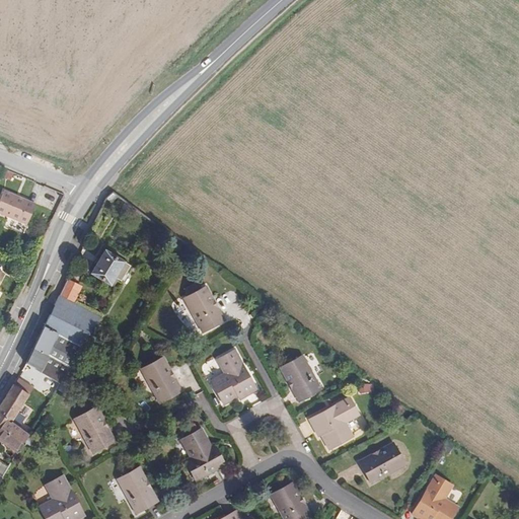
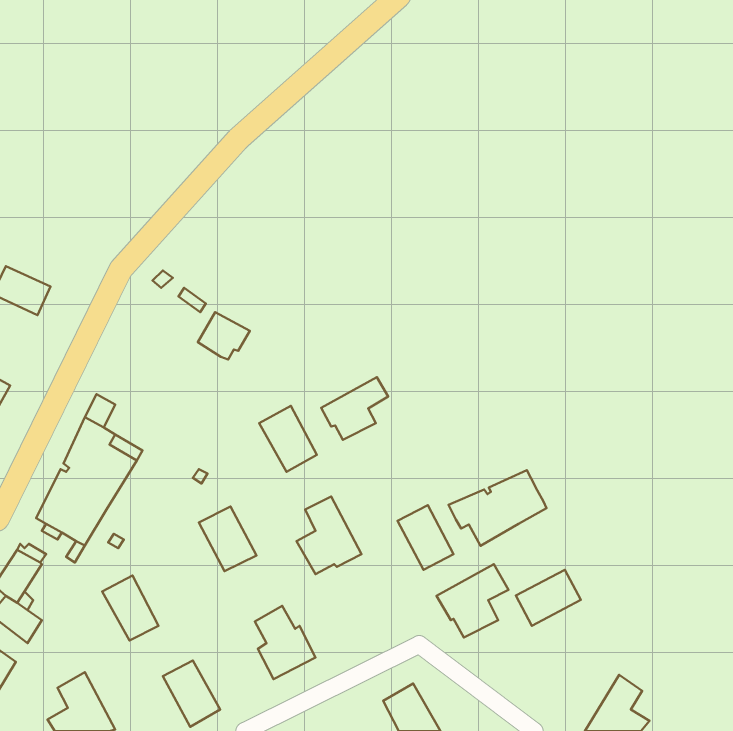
building: [94,252,131,286] -> [198,312,250,360]
building: none -> [321,377,388,440]
building: none -> [449,470,546,546]
building: [357,443,402,483] -> [516,570,581,626]

